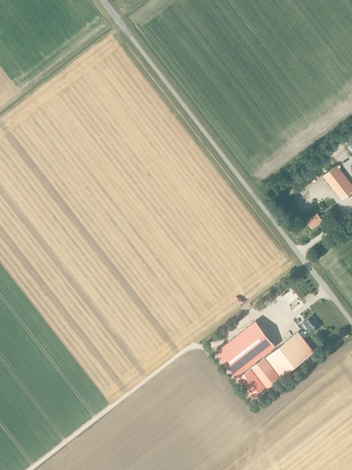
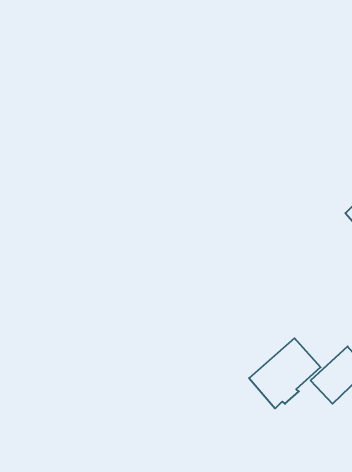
building: [236,357,279,399] -> none

